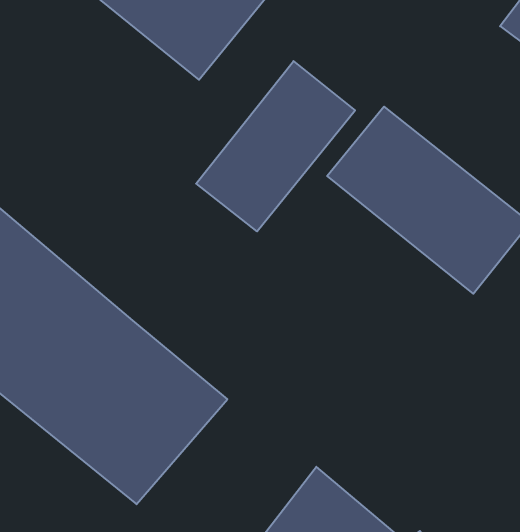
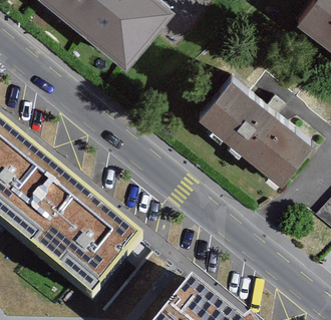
building: [196,61,355,231] -> none

